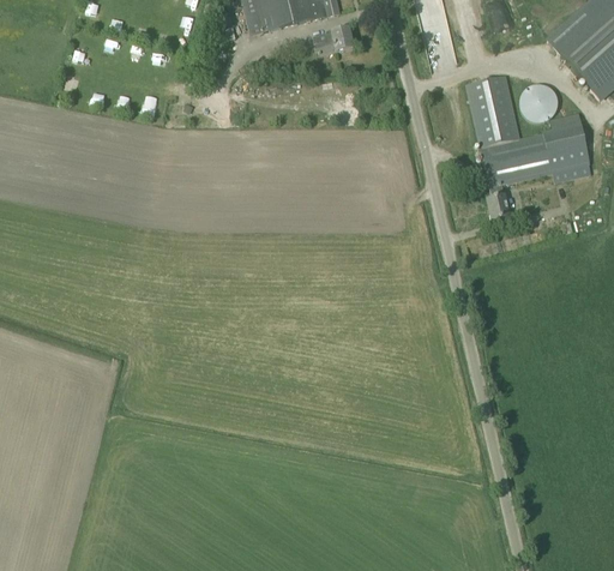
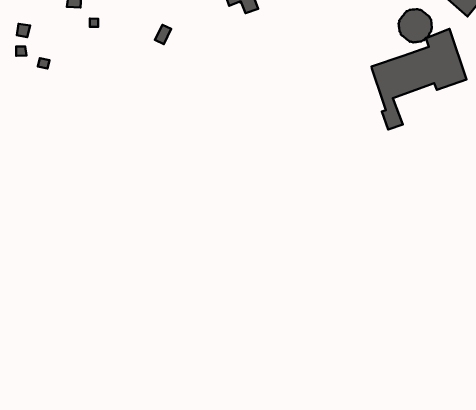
building: [468,74,520,146] -> none

